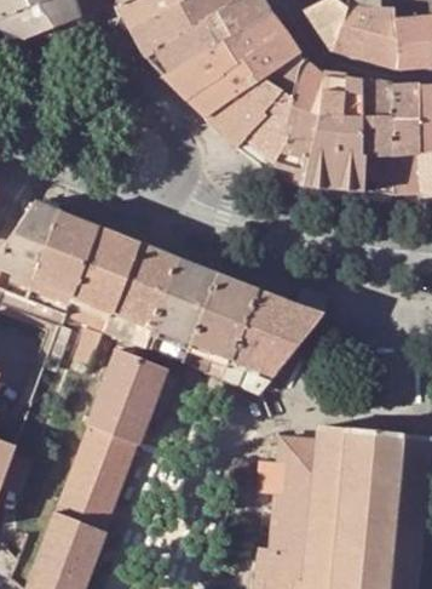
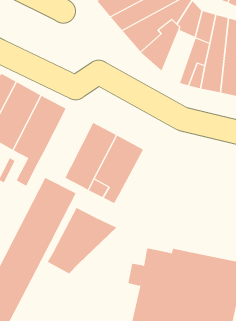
building: [272,105,316,184] -> none
building: [105,241,179,344] -> none
building: [225,288,323,389] -> [47,207,117,274]

